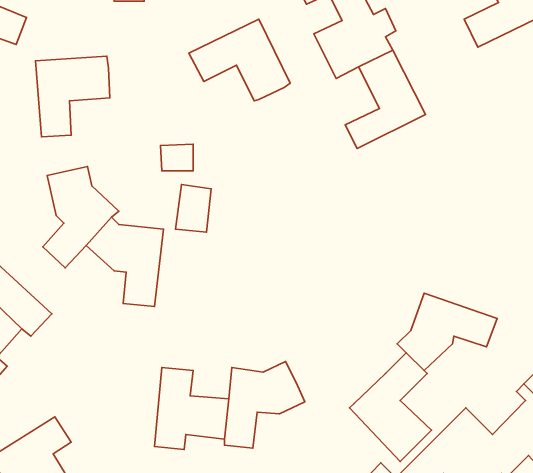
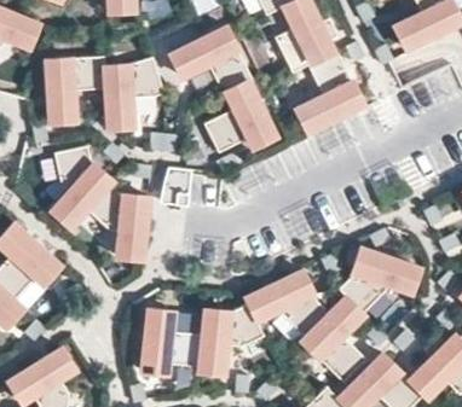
building: none -> [104,56,163,127]
building: none -> [203,81,273,152]
building: none -> [246,271,329,337]

